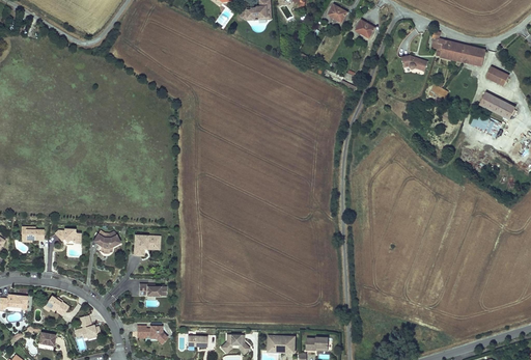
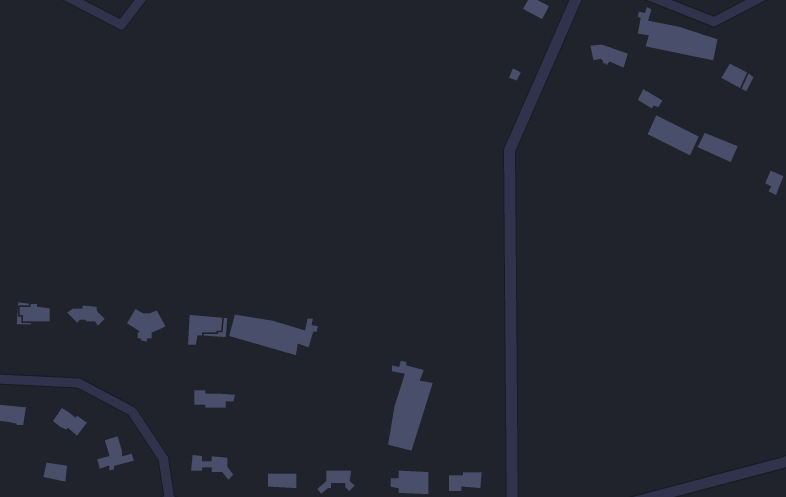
building: [479,94,514,122] -> [646,114,700,157]
building: none -> [228,314,319,356]
building: none -> [387,360,434,451]

